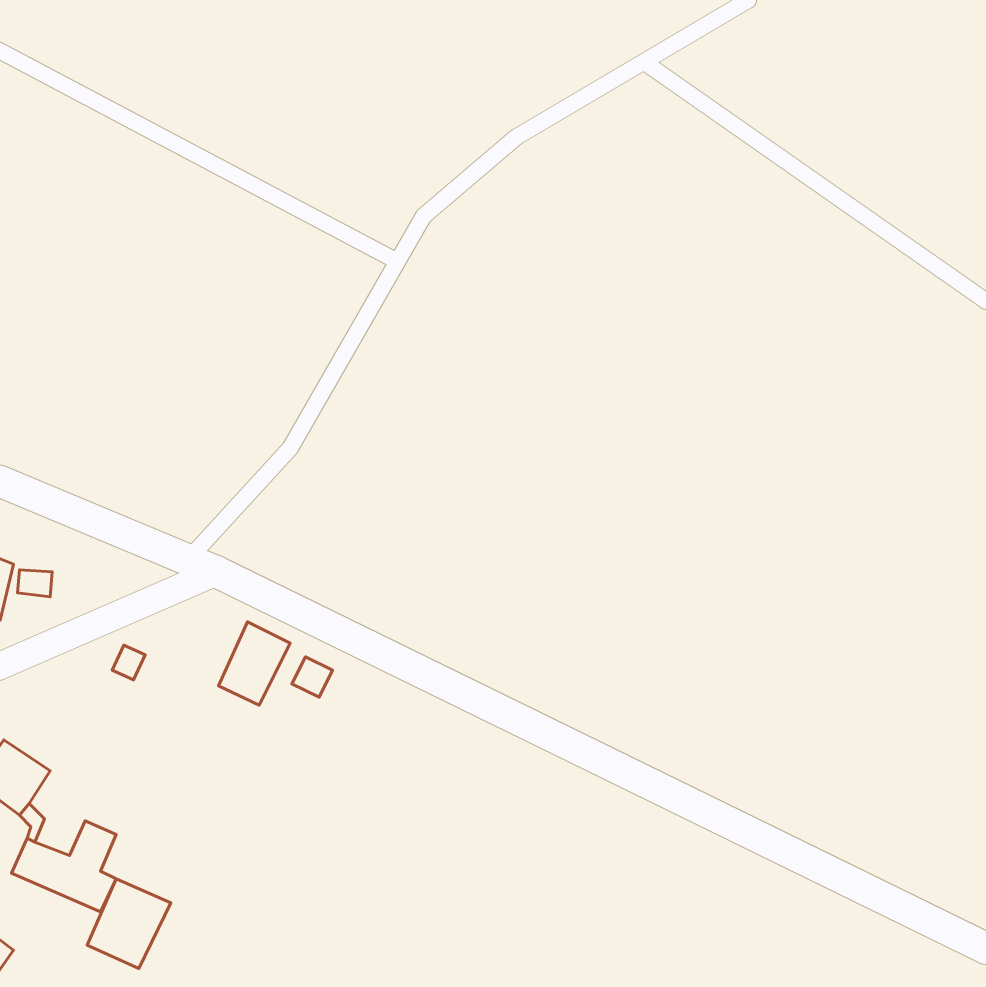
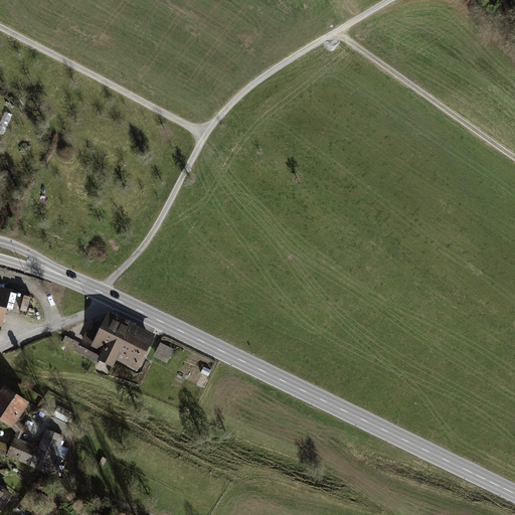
building: none -> [90,313,129,366]
building: [87,879,171,969] -> none

